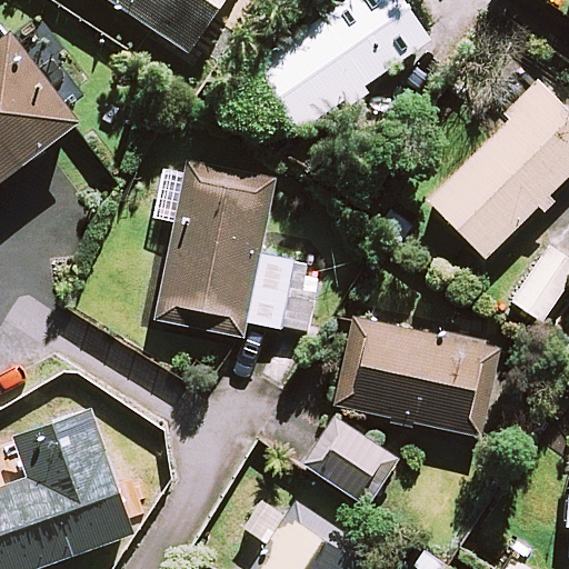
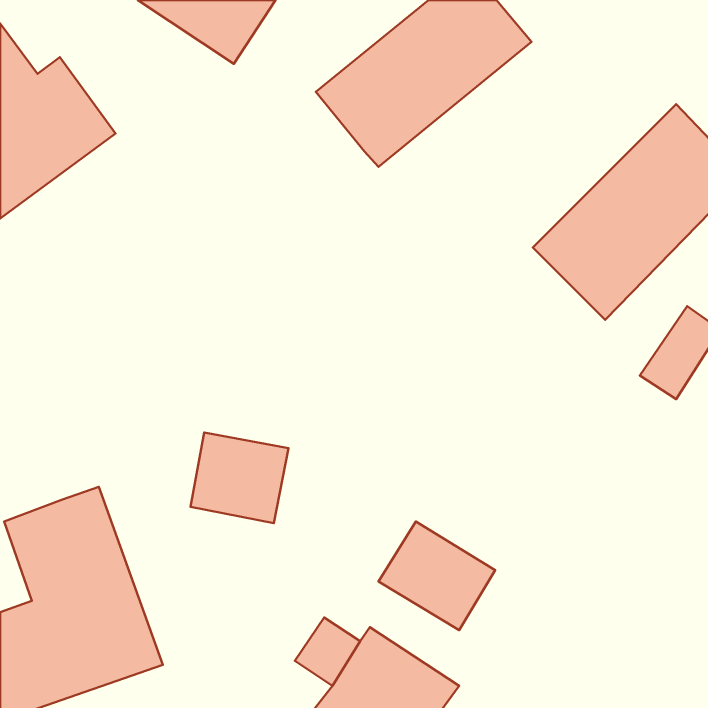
building: [154,153,320,338] -> none
building: [337,320,493,435] -> none
building: none -> [190,433,289,523]

